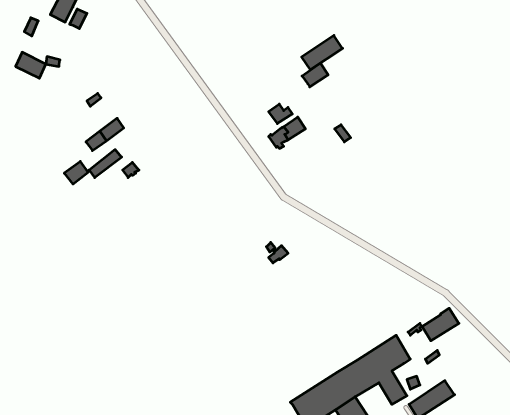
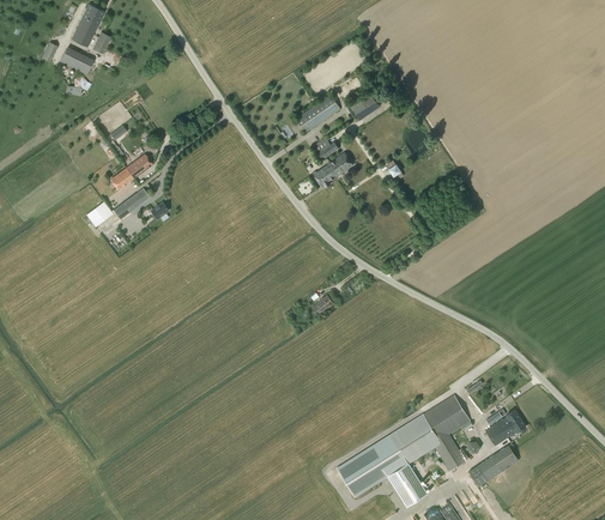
building: [302,35,343,70] -> [295,93,340,132]
building: [16,52,46,78] -> [60,46,93,74]
building: [422,308,459,341] -> [485,409,526,445]

